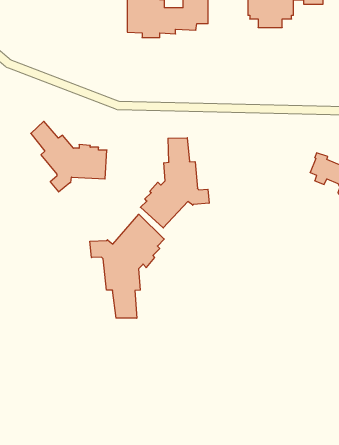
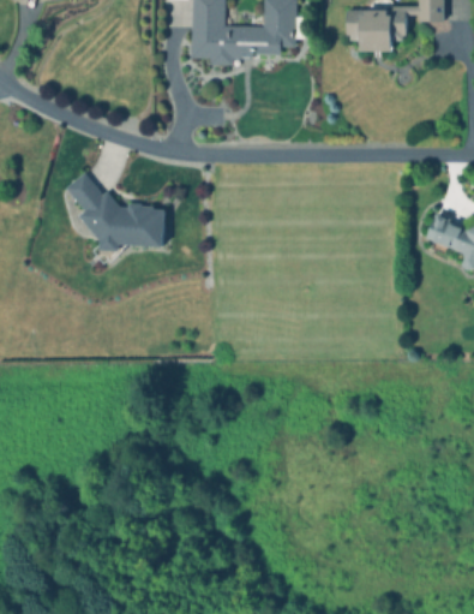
building: [140,138,209,228] -> none
building: [90,214,164,318] -> none

